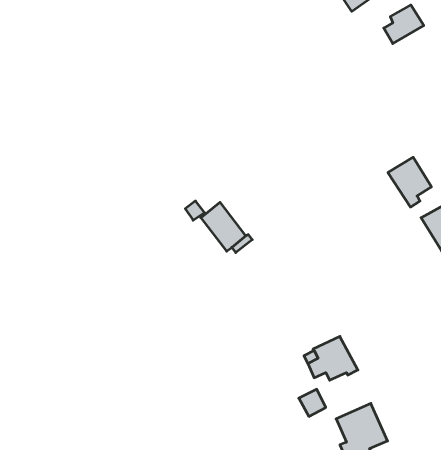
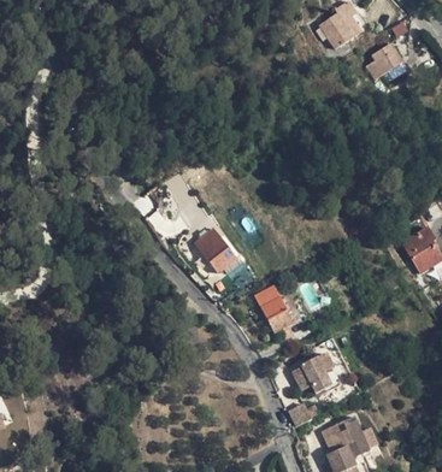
building: [388,157,431,207] -> none
building: none -> [254,285,293,334]

